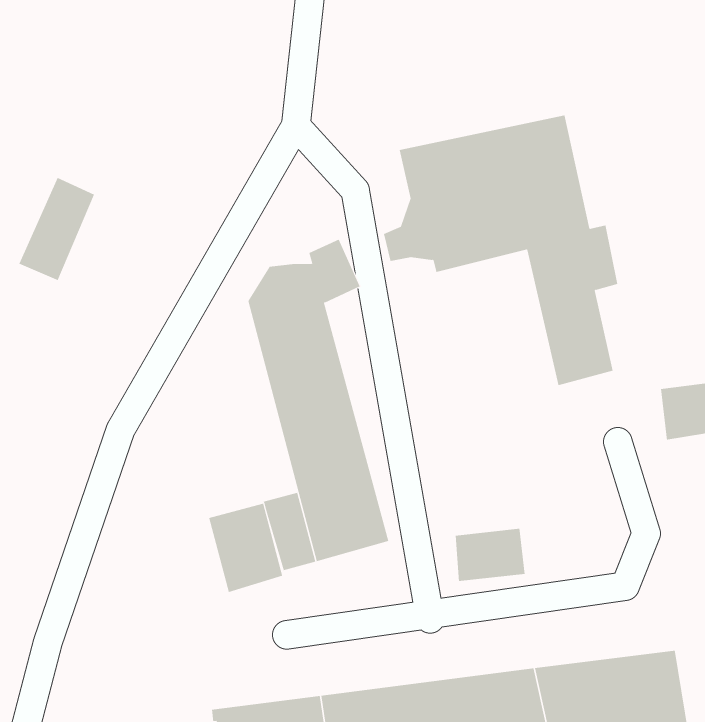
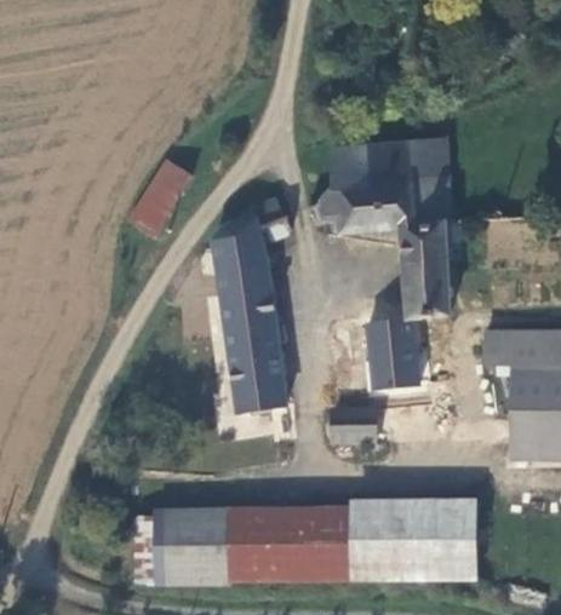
building: [19,177,95,281] -> [130,161,187,231]
building: none -> [367,318,420,386]
building: [208,503,283,593] -> none

